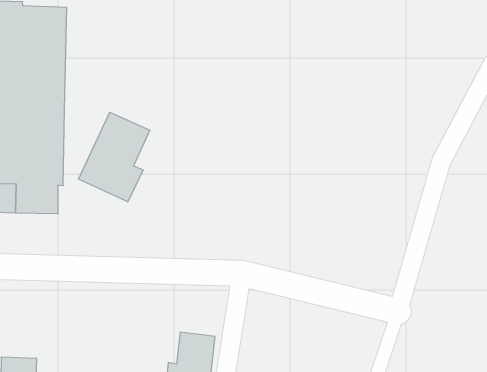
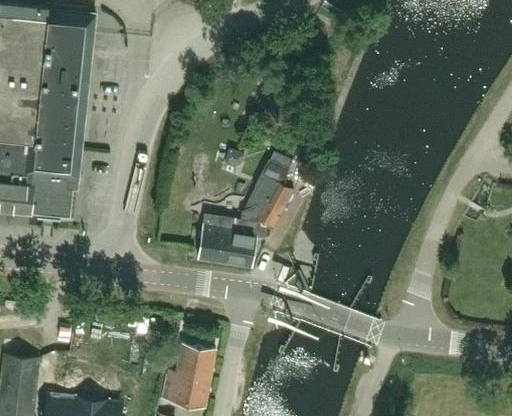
building: [79,112,150,202] -> none
building: none -> [198,153,293,270]

